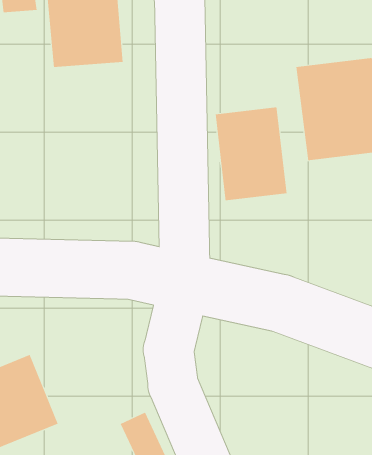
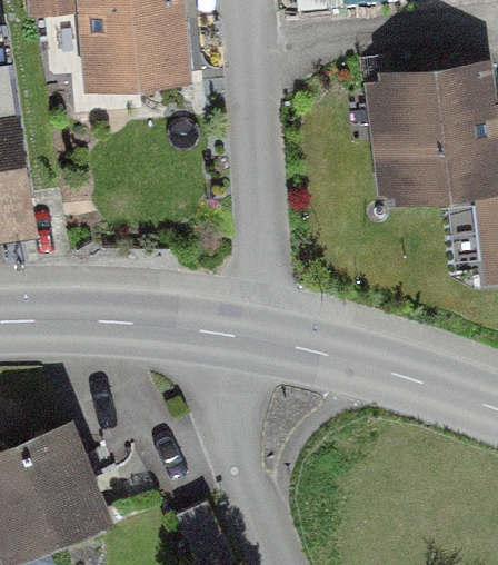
building: [215,107,287,201] -> none

